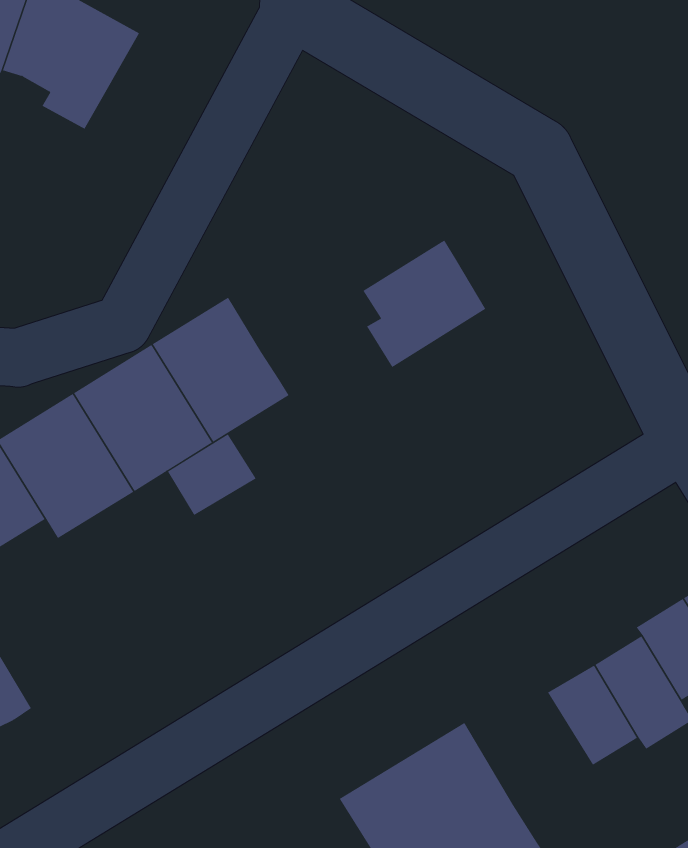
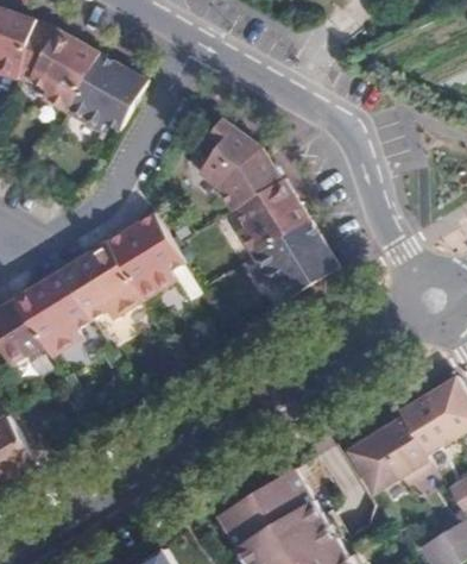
building: none -> [67,52,147,130]
building: none -> [196,118,282,209]
building: none -> [252,219,337,296]
building: [167,433,257,516] -> none

